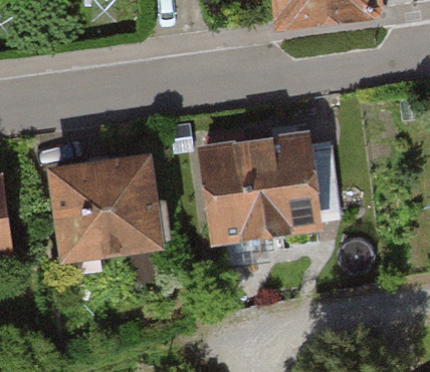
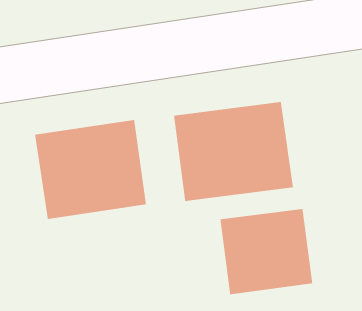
building: none -> [220,208,313,295]

